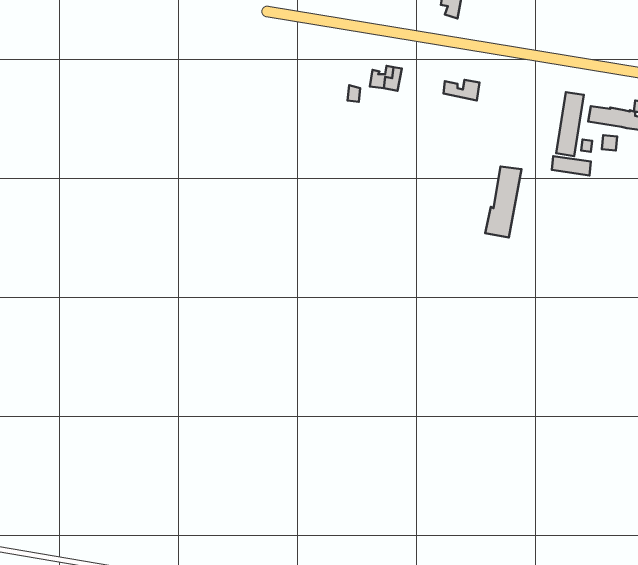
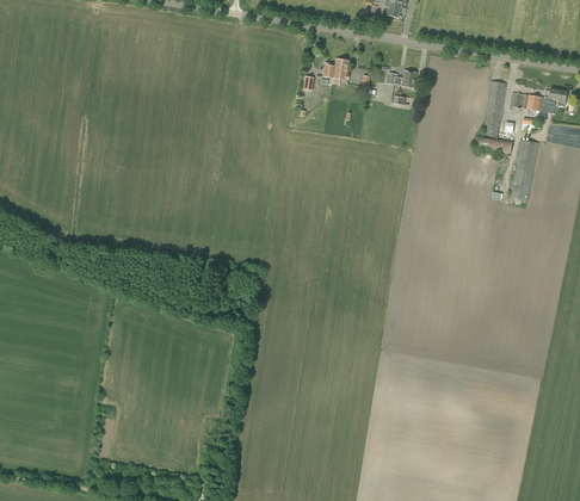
building: [485,167,521,237] -> [507,138,538,199]

